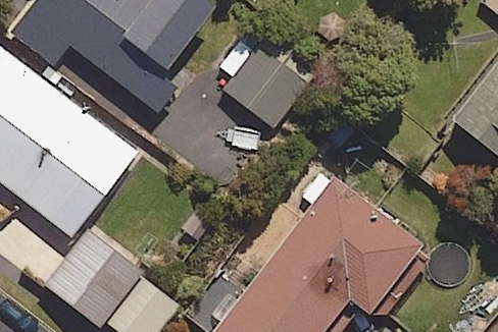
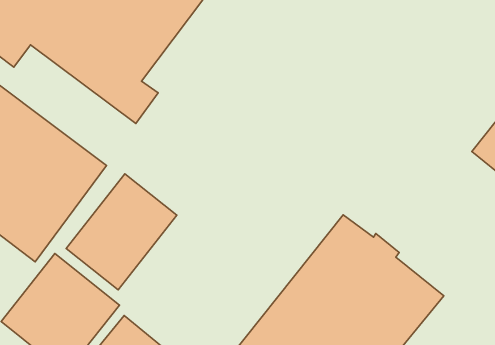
building: [217,34,305,126] -> none
building: none -> [66,174,177,290]

